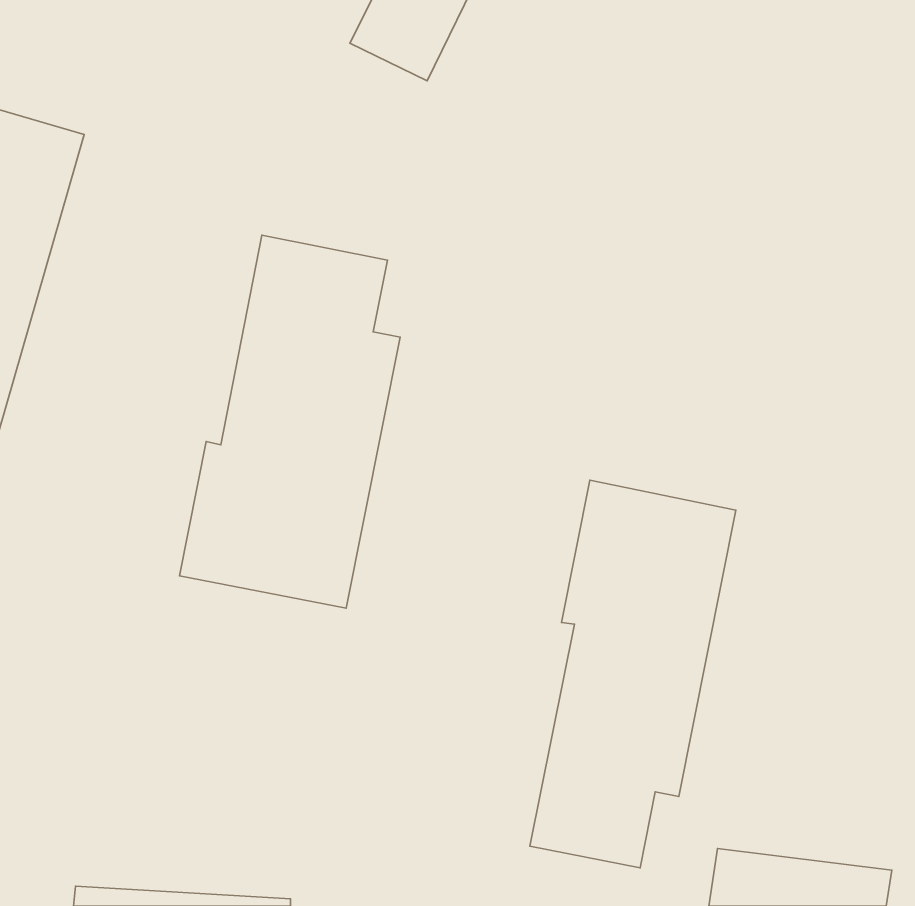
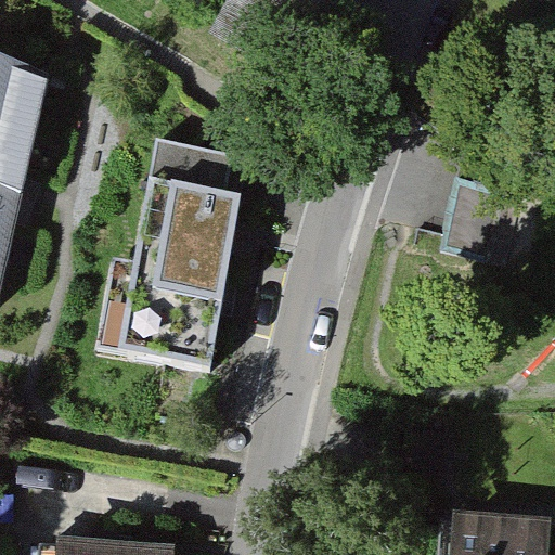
building: [530,480,736,868] -> none

